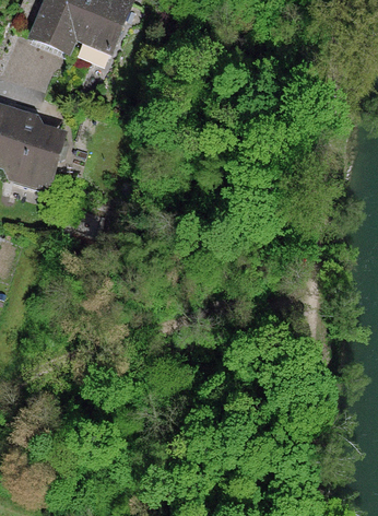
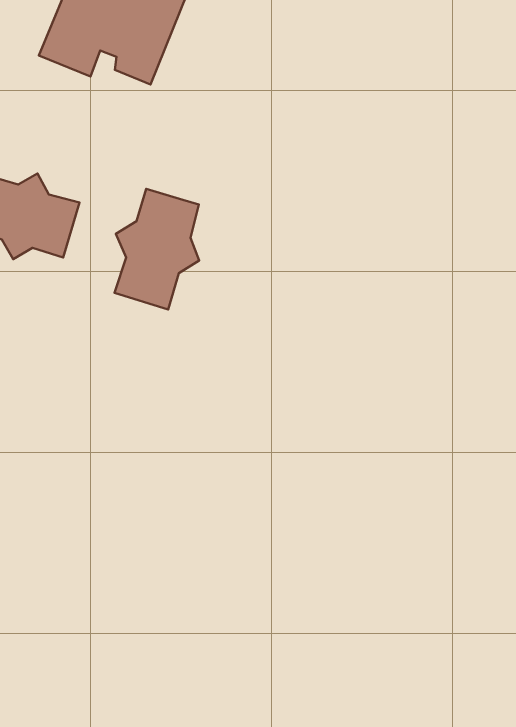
building: none -> [114,189,199,309]

